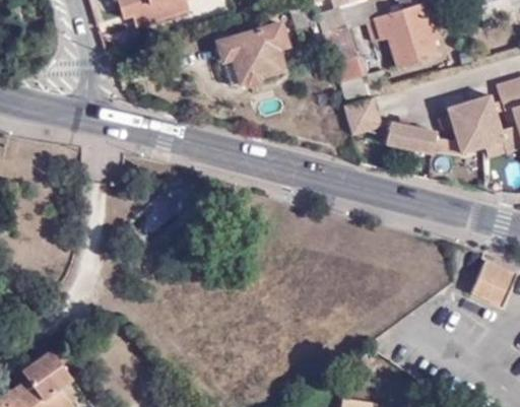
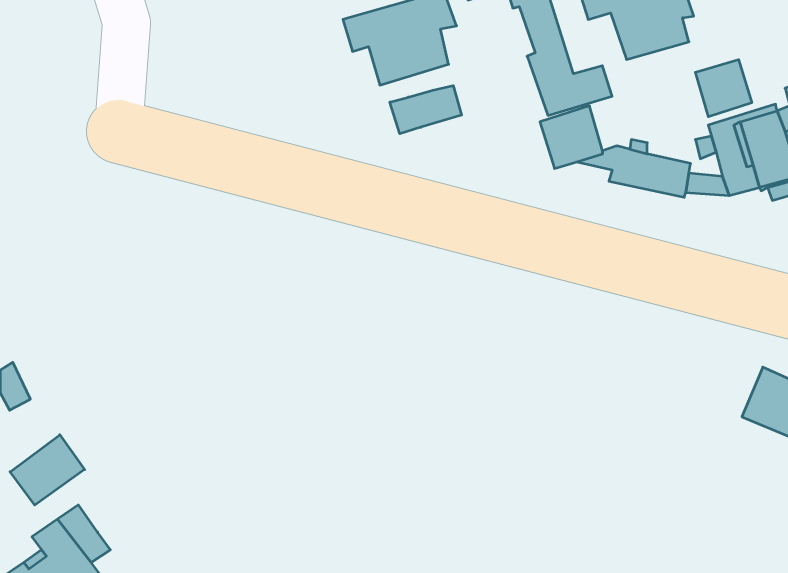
building: none -> [695,60,752,117]
building: none -> [390,86,462,134]
building: none -> [10,435,85,505]

